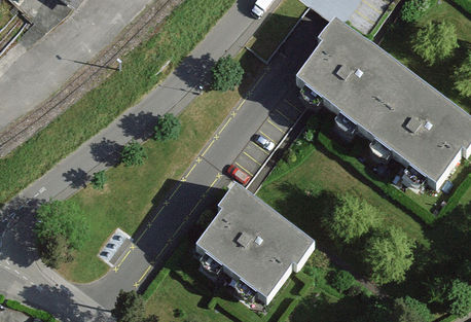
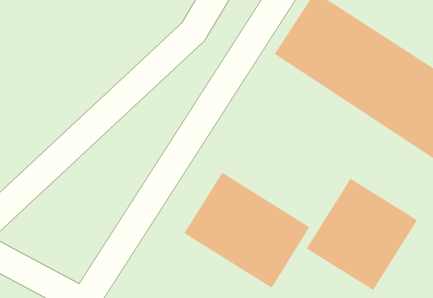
building: none -> [306,178,418,291]

